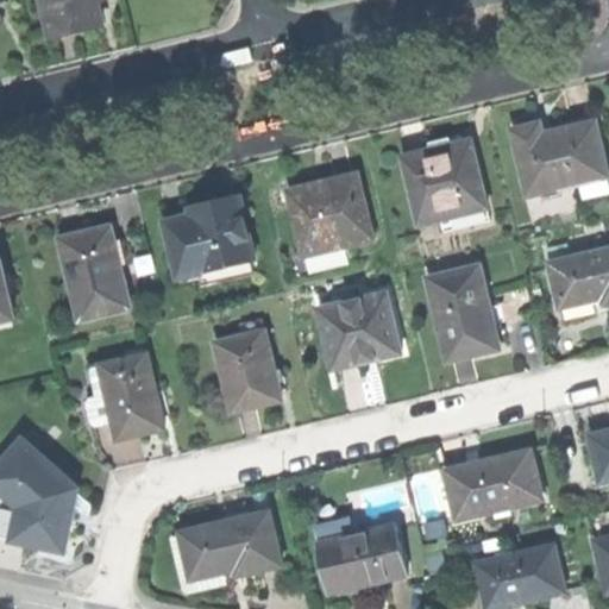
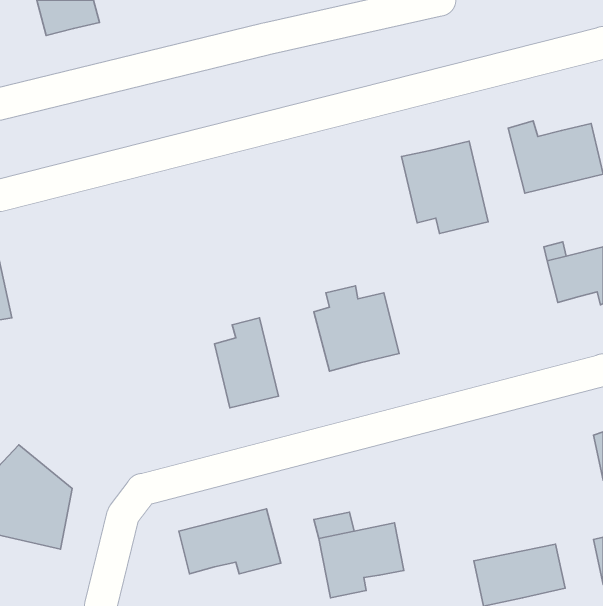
building: [285,175,371,256] -> none
building: [161,190,257,285] -> none
building: [55,225,128,322] -> none
building: [428,263,497,357] -> none
building: [100,352,163,438] -> none
building: [448,448,544,516] -> none

